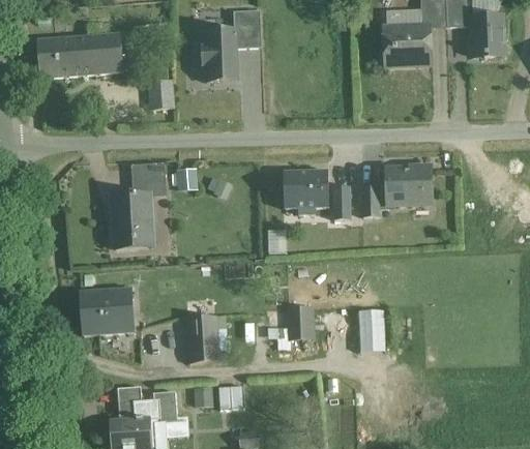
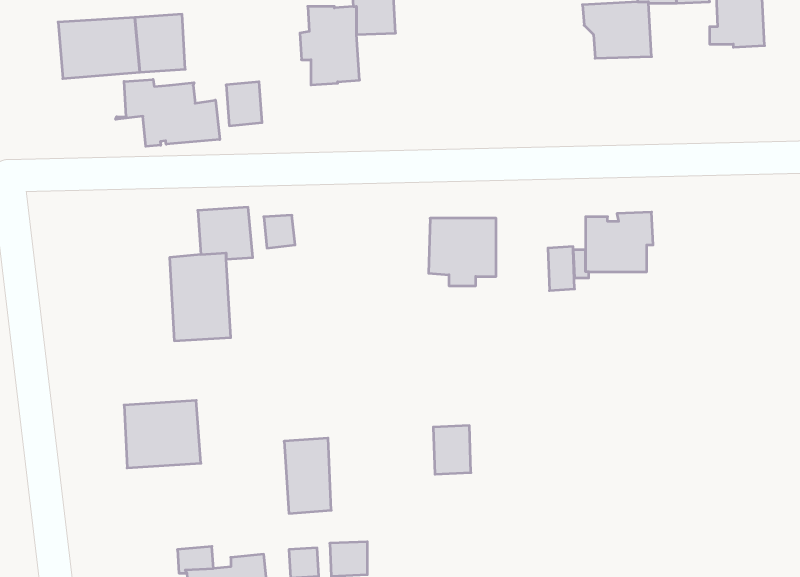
building: none -> [116,79,220,146]
building: [331,185,349,218] -> none
building: [359,308,386,349] -> none

